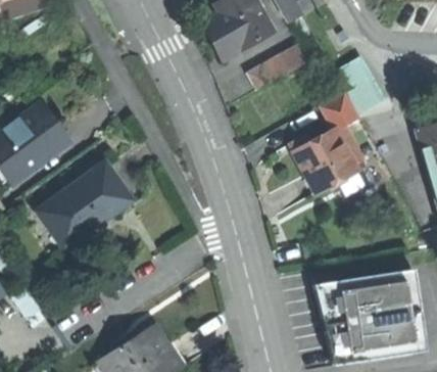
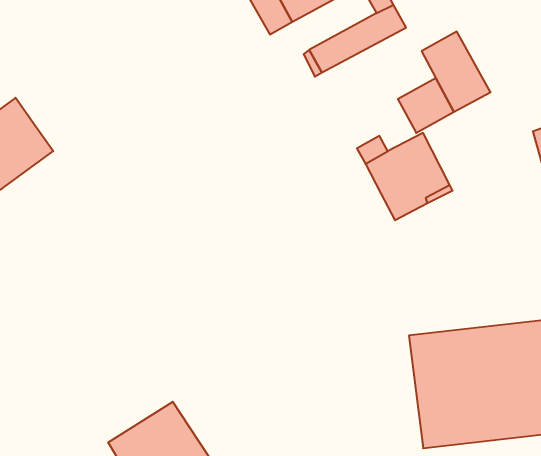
building: [37,164,131,244] -> none

